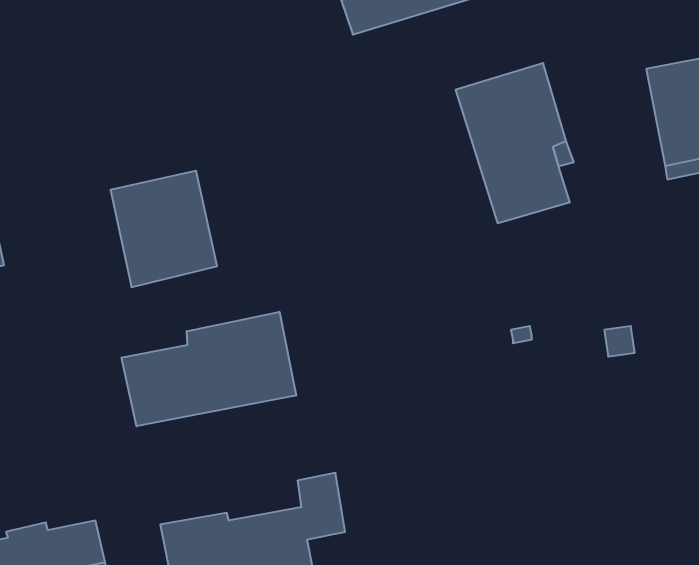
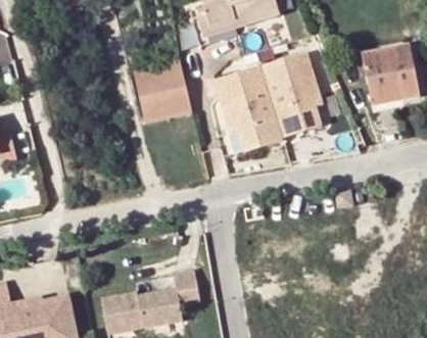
building: none -> [215,64,282,149]
building: [110,171,217,287] -> [134,59,191,122]
building: [122,312,296,426] -> none

